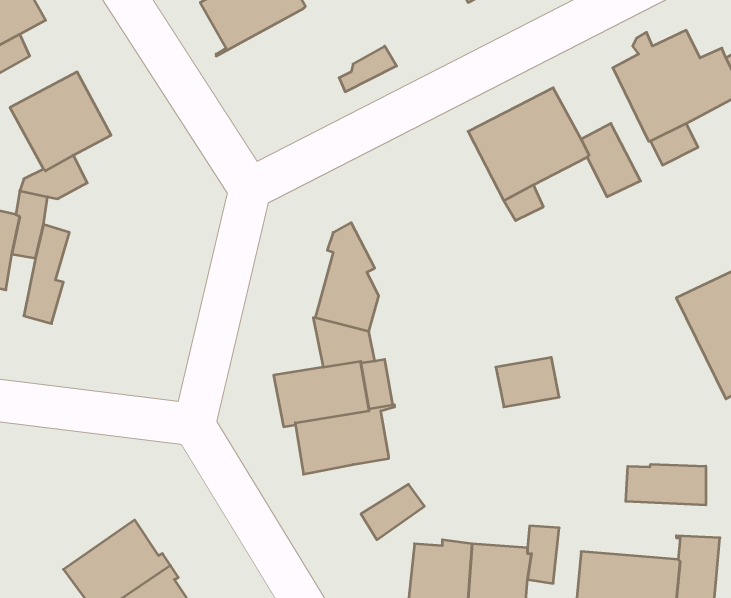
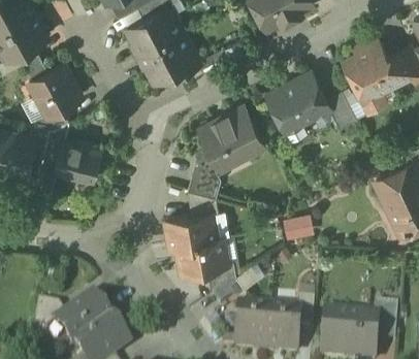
building: none -> [134,29,197,79]
building: none -> [198,104,263,164]
building: none -> [51,138,99,181]
building: none -> [205,260,234,292]
building: [626,464,706,505] -> none

